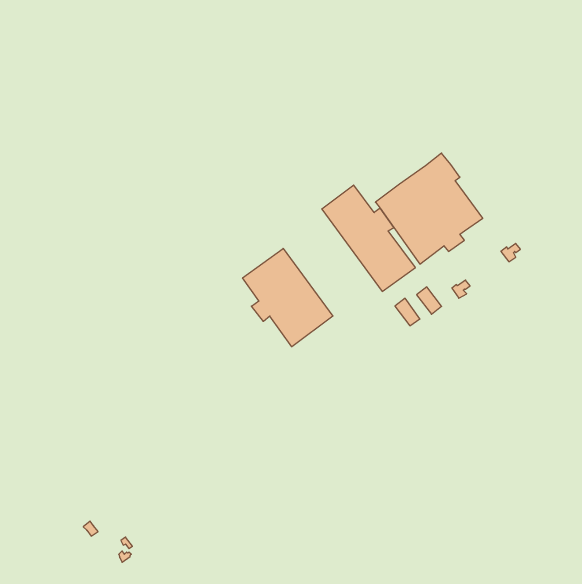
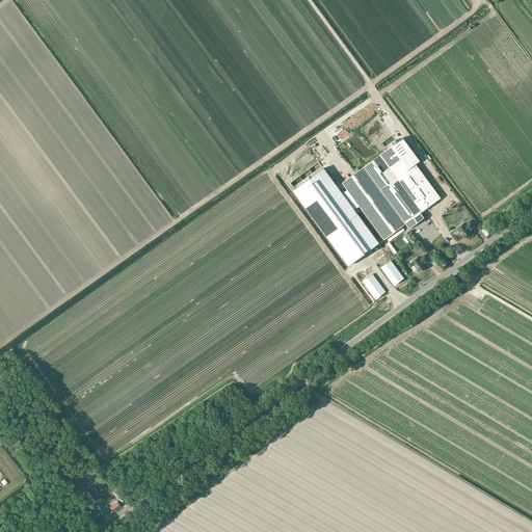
building: [243,248,333,347] -> none

